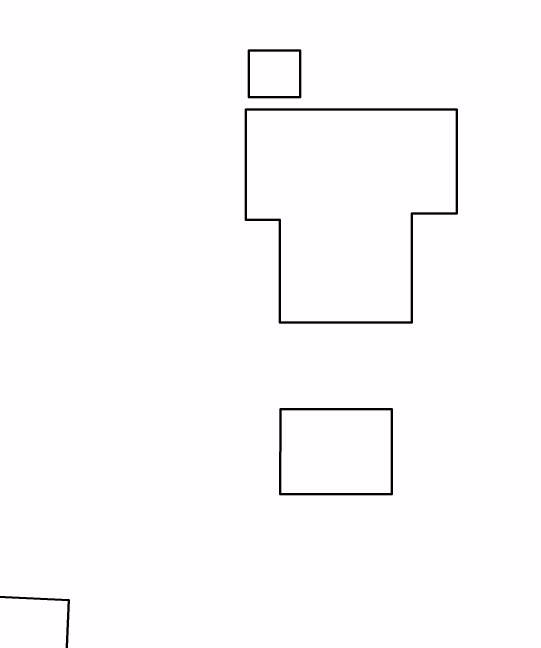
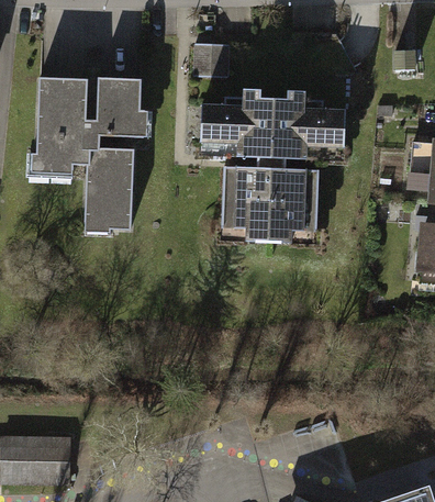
building: none -> [31,77,144,232]
building: [280,409,392,494] -> none

